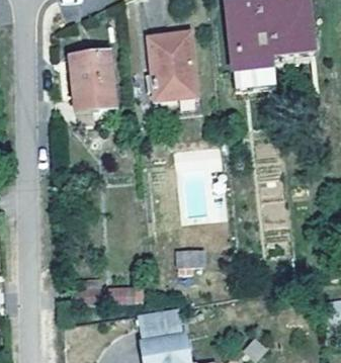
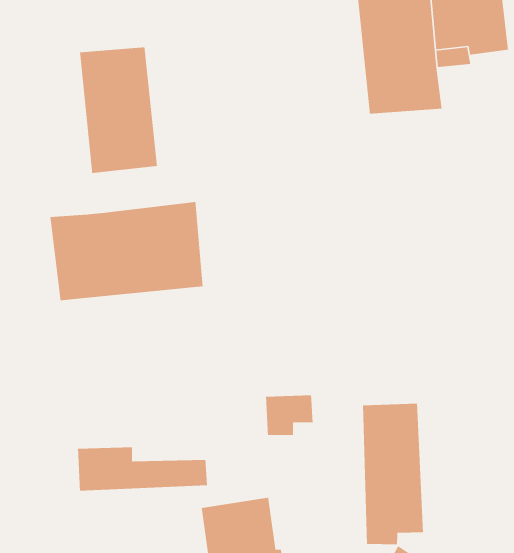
building: [146,31,195,98] -> none
building: none -> [49,201,203,301]
building: none -> [362,403,424,545]

